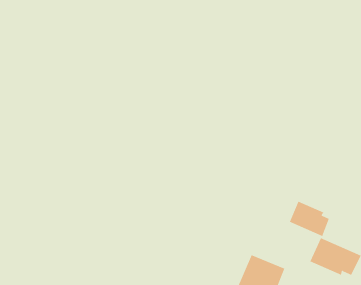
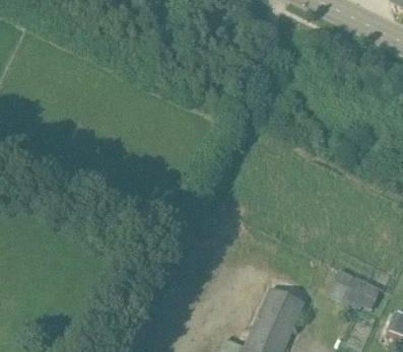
building: [289,201,330,237] -> none

